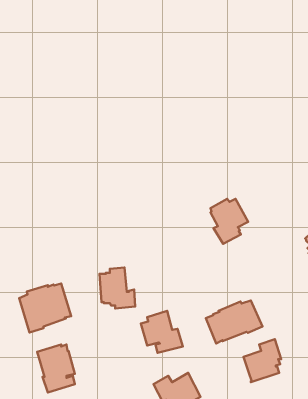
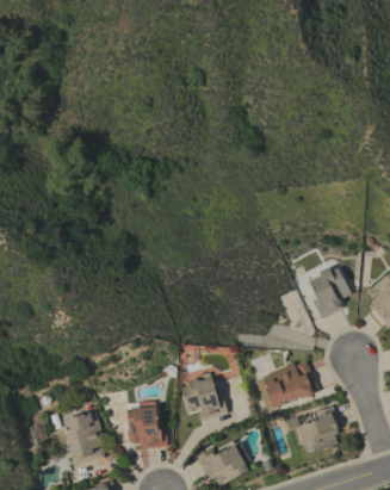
building: [210,199,248,244] -> [308,267,351,318]
building: [99,268,135,309] -> [126,402,167,448]
building: [19,283,71,332] -> none

